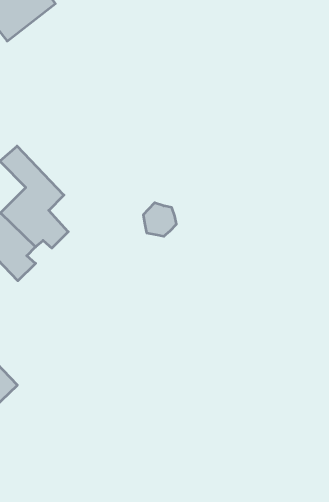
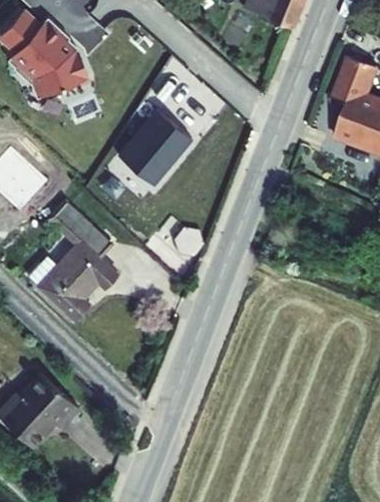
building: none -> [111,113,189,192]

